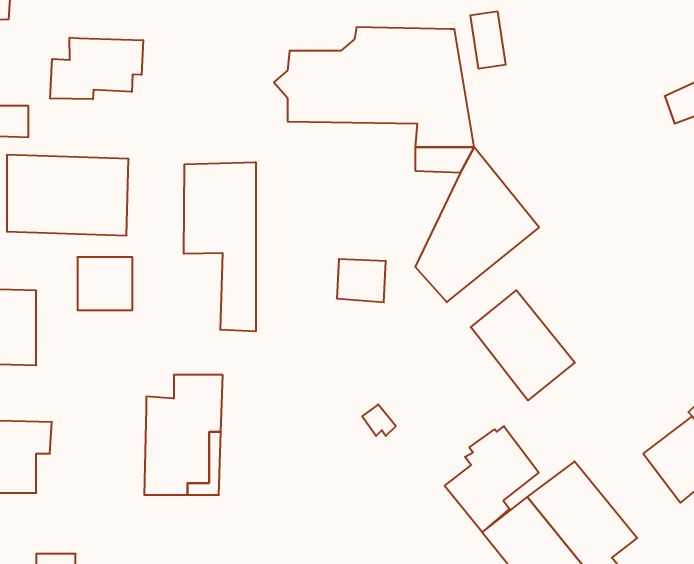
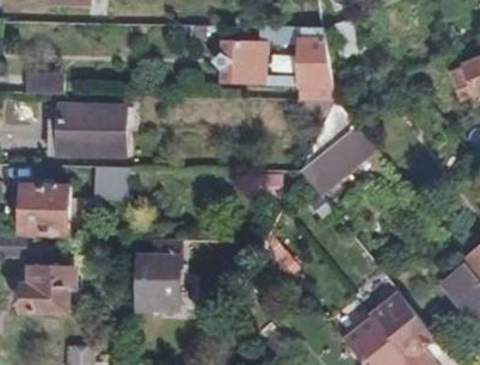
building: [50,38,143,99] -> none
building: [184,162,256,331] -> none
building: [471,290,575,400] -> none
building: [445,426,539,532] -> none

